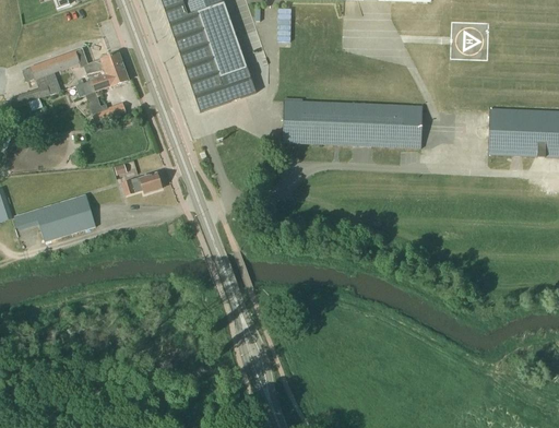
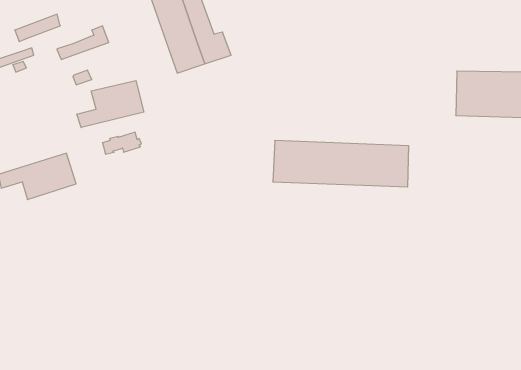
building: [86,51,122,80] -> none
building: [281,99,421,147] -> [273,141,409,187]
building: none -> [77,81,144,128]

